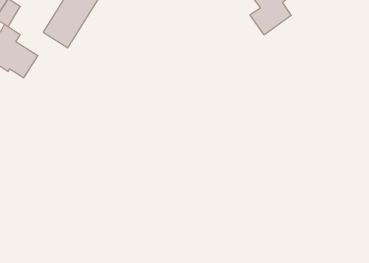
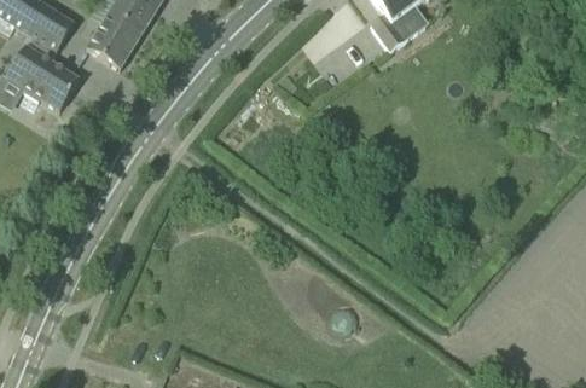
building: none -> [37,11,72,51]

